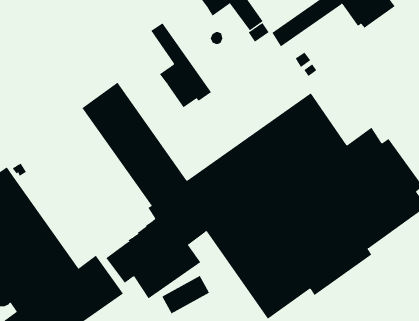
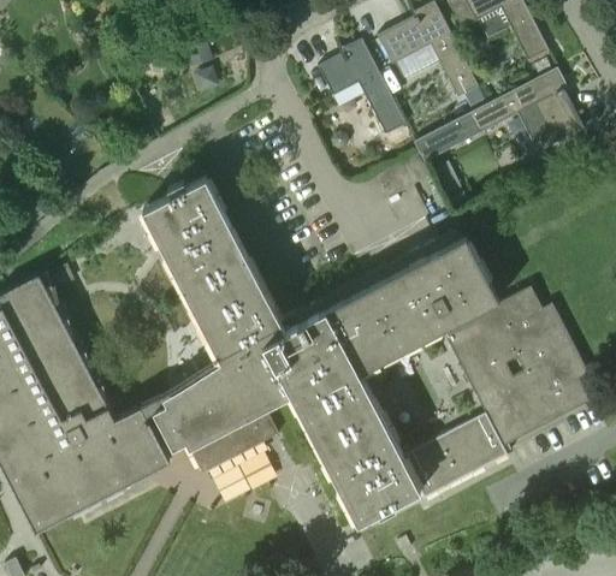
building: [151,22,212,108] -> none

